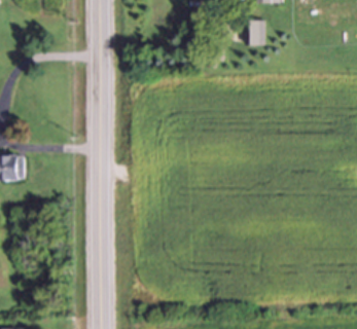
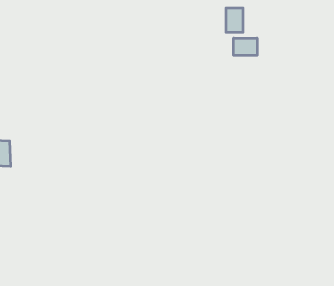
building: none -> [234,38,257,55]

